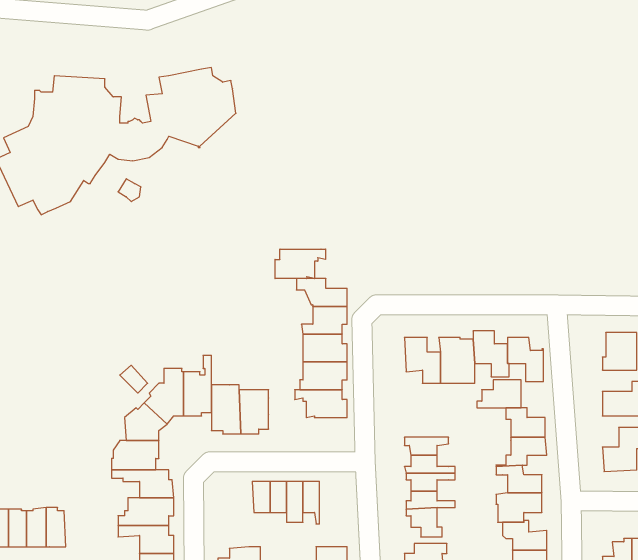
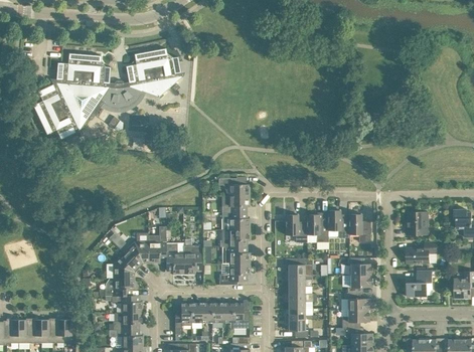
building: [275,249,326,279] -> none
building: [477,380,521,408] -> [284,258,311,276]
building: none -> [218,263,249,281]
building: none -> [174,303,191,340]
building: none -> [231,303,249,328]

